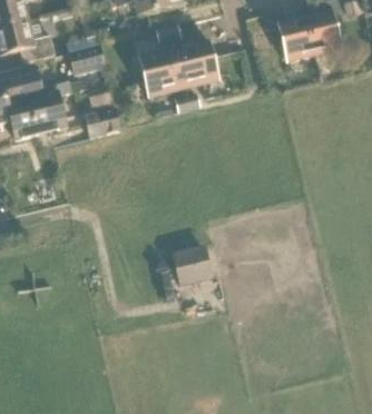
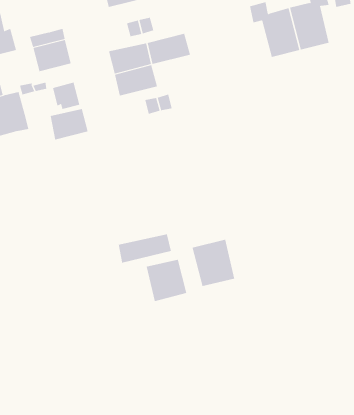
building: [178,60,218,89] -> none
building: none -> [118,234,172,264]
building: none -> [192,239,235,287]

